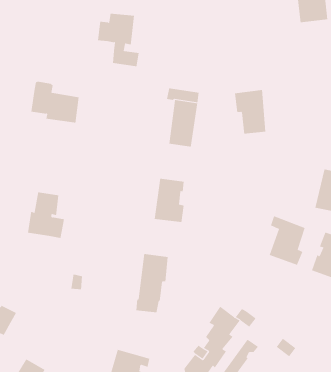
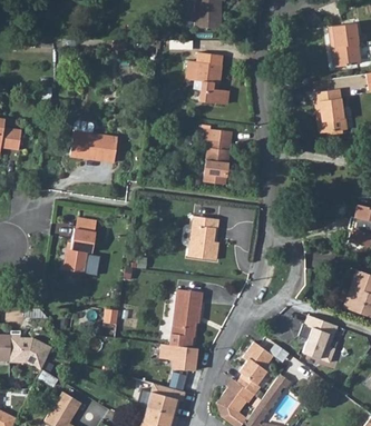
building: [97,13,139,67] -> [187,52,228,105]
building: [234,90,266,134] -> [312,87,343,130]
building: [269,215,305,266] -> [301,314,336,363]
building: none -> [160,344,197,370]

